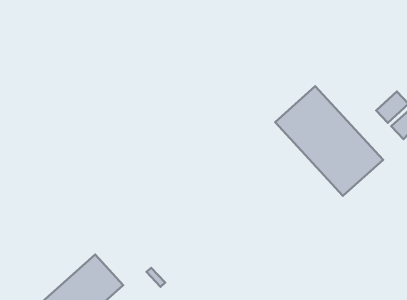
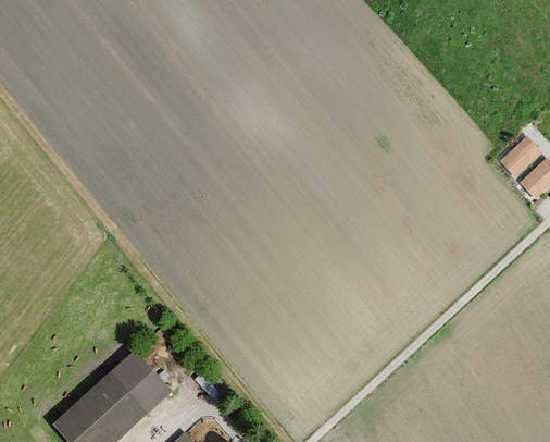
building: [275,86,383,196] -> none

